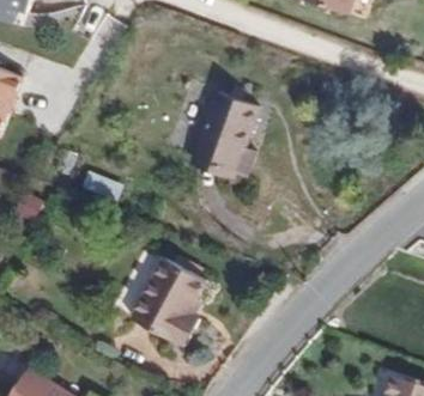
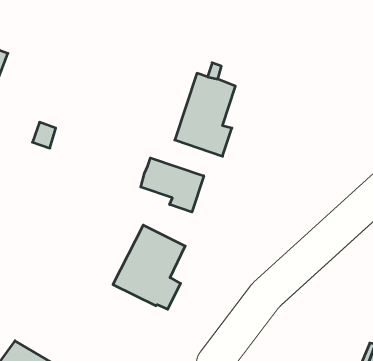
building: none -> [141,158,204,212]

